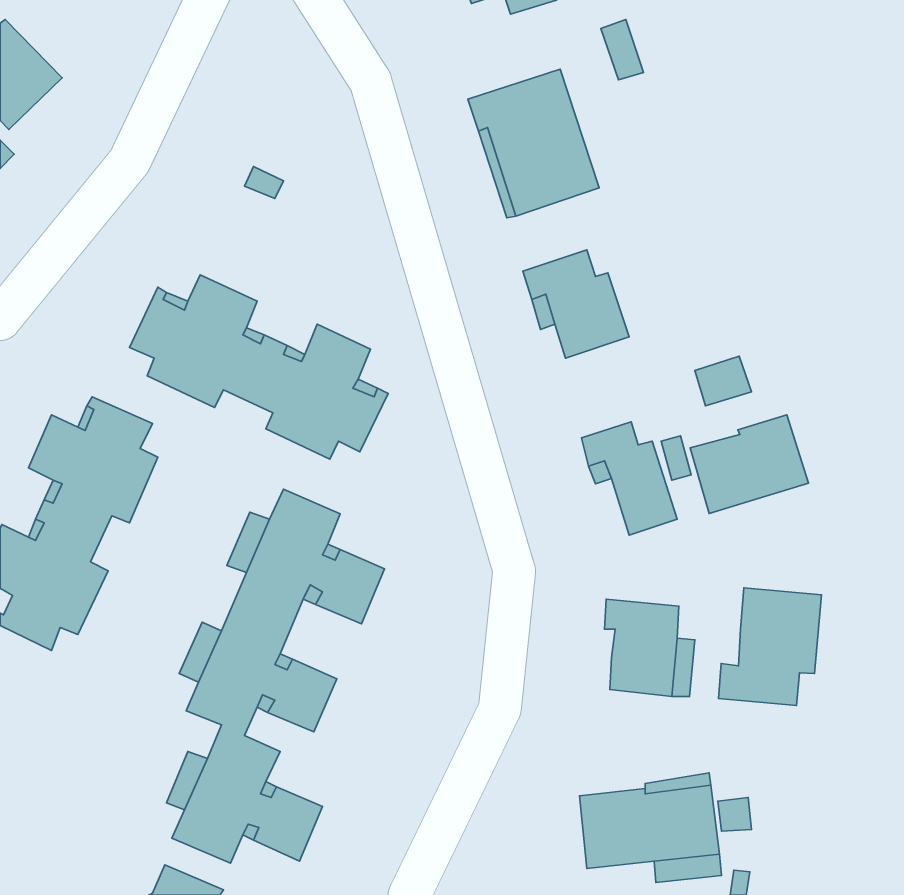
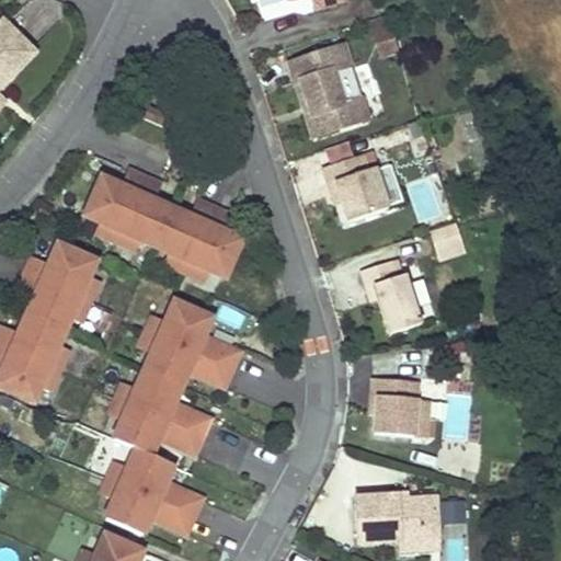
building: [690,415,808,513] -> none
building: [719,588,822,705] -> none

